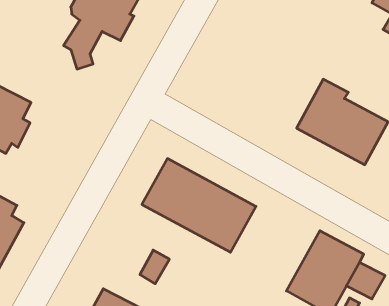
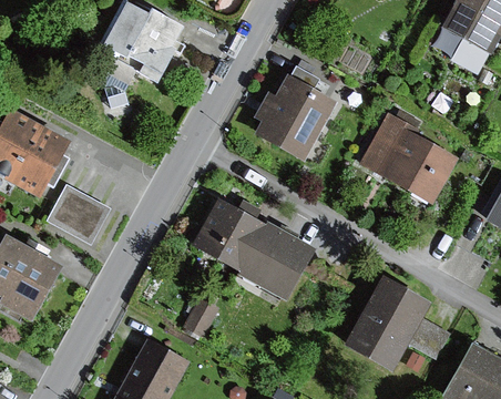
building: none -> [253,65,335,161]
building: none -> [48,183,111,243]

